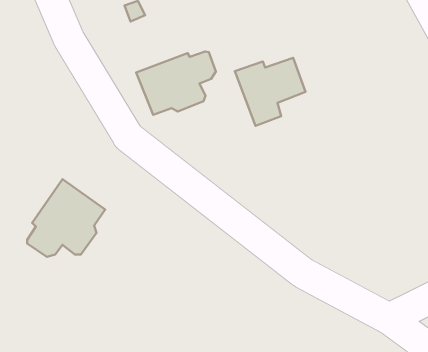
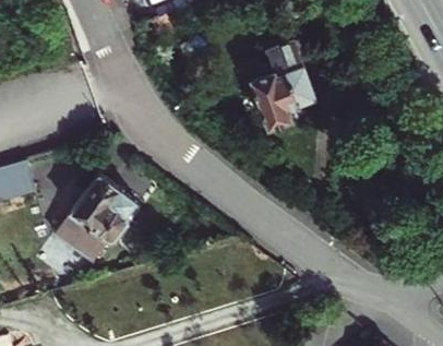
building: [136,52,216,115] -> none

